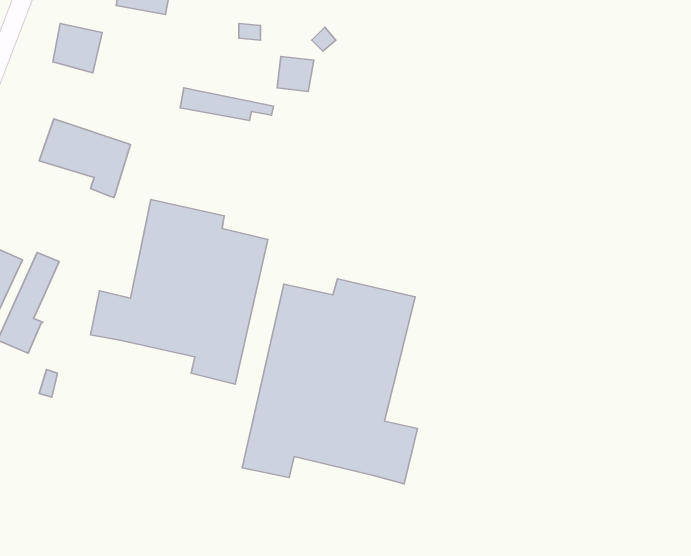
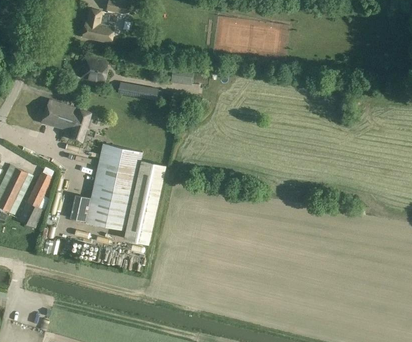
building: [53,23,102,73] -> [80,56,107,83]
building: [242,279,418,484] -> none

